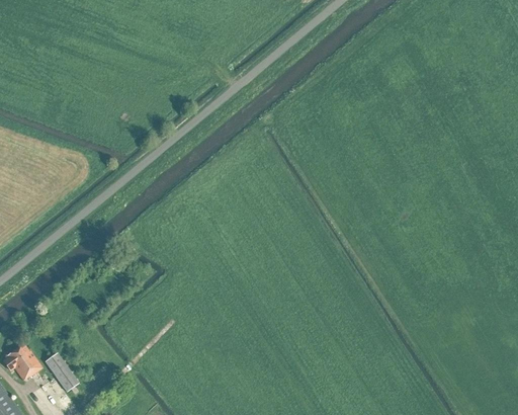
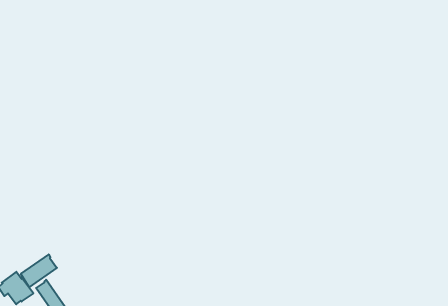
building: none -> [21,254,57,287]

